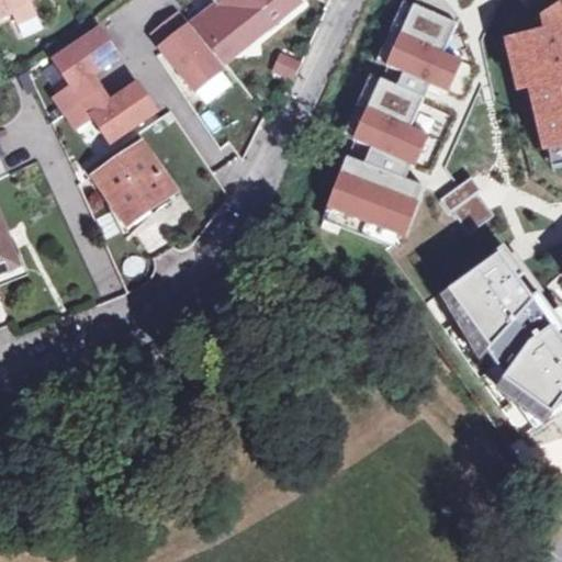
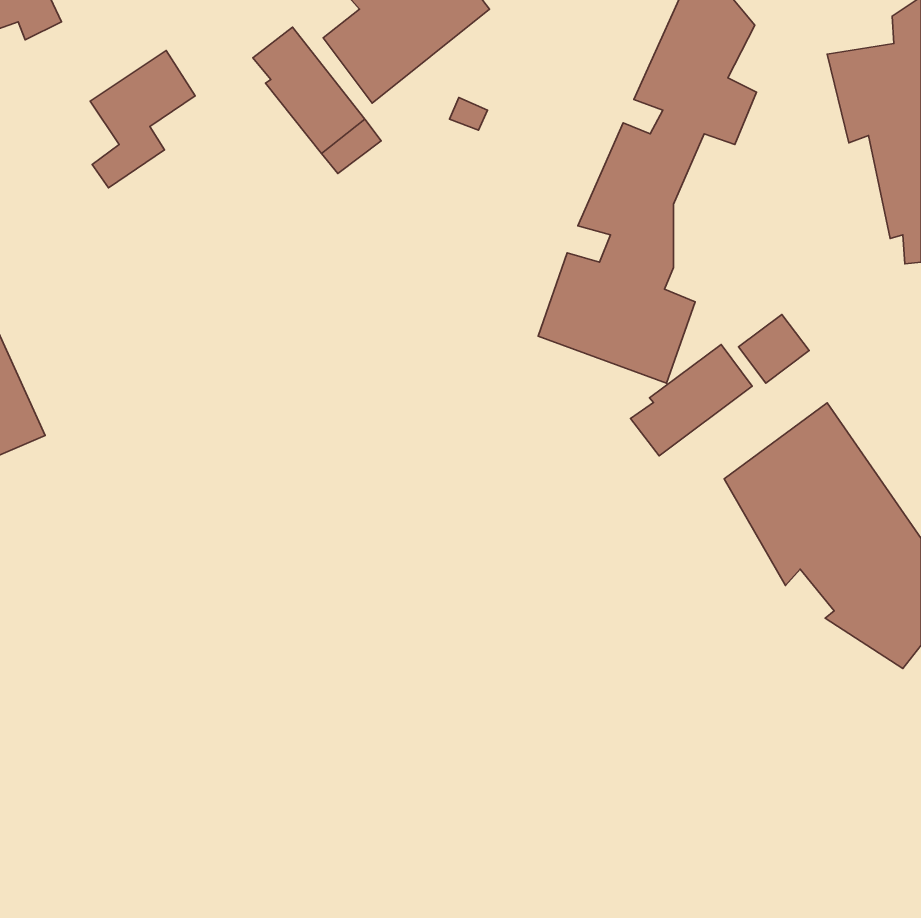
building: [66,87,155,144] -> none
building: [97,144,172,220] -> none
building: none -> [631,345,752,456]

